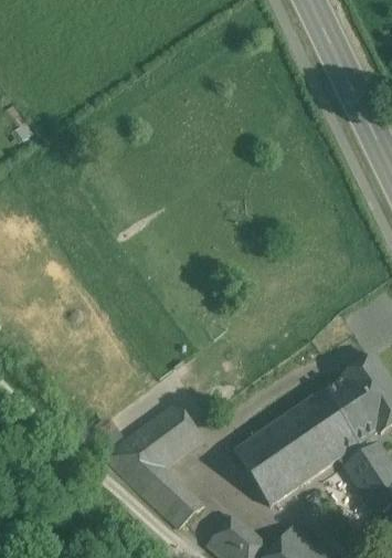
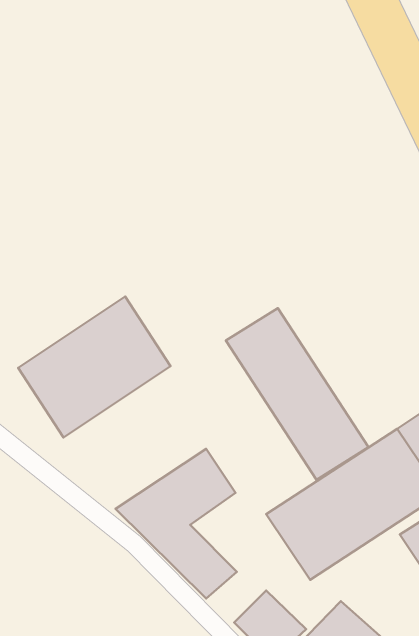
building: none -> [18,297,171,438]
building: none -> [226,308,369,480]

